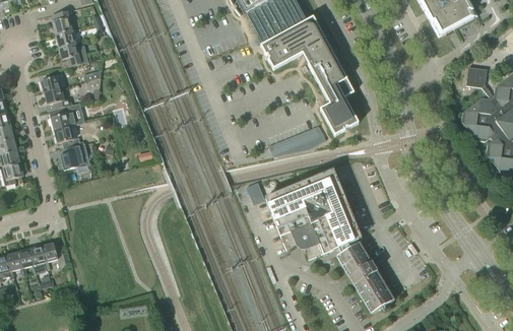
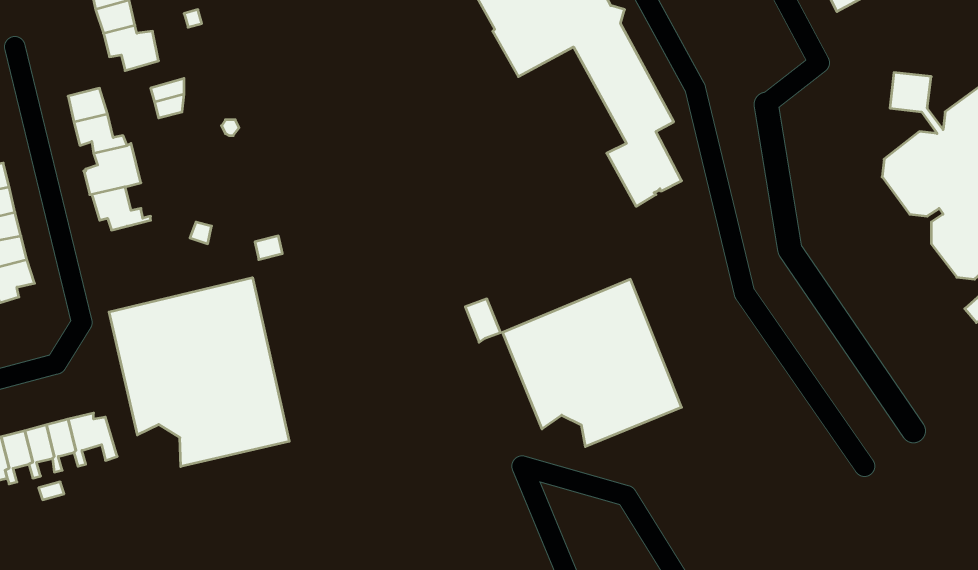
building: [268,126,326,157] -> none
building: [59,143,86,170] -> none
building: none -> [109,278,289,467]
building: [336,243,394,314] -> none

